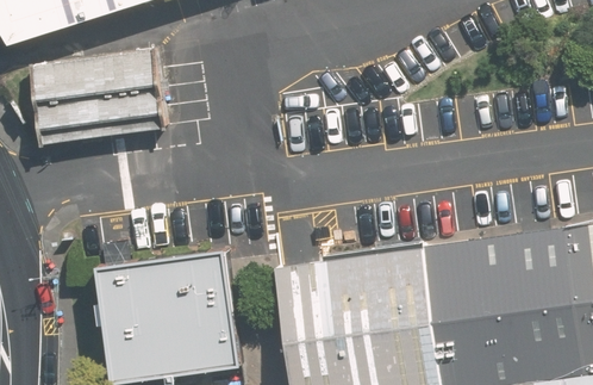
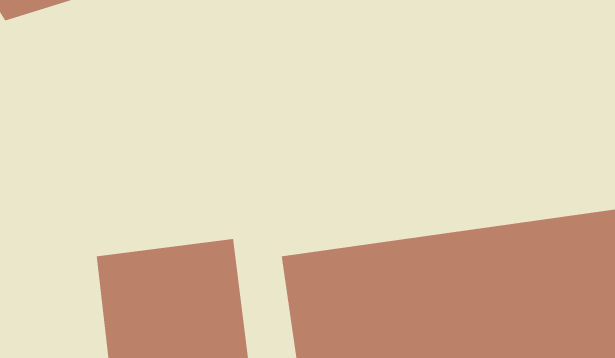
building: [29,46,169,147] -> none

